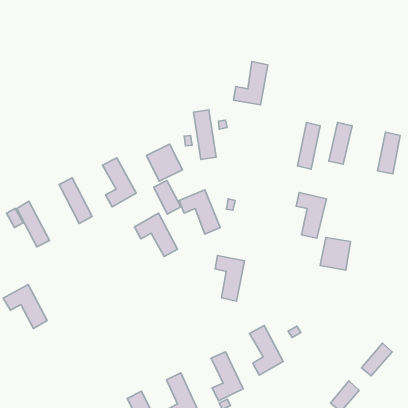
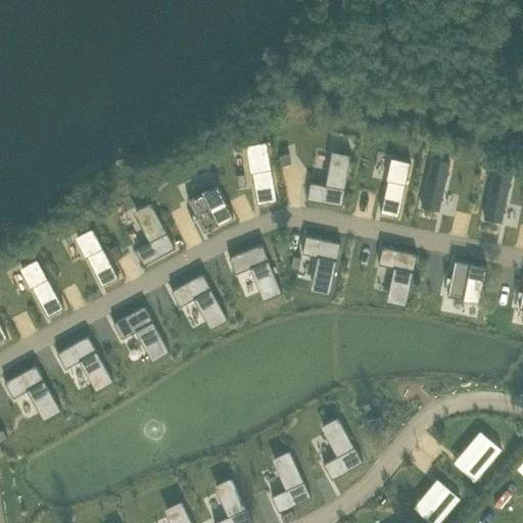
building: [233,62,268,105] -> [306,151,350,206]
building: [154,181,181,214] -> none
building: [320,237,351,270] -> [446,262,485,303]
building: none -> [113,306,170,362]
building: [215,255,245,301] -> [301,236,339,294]
building: none -> [57,336,113,392]

